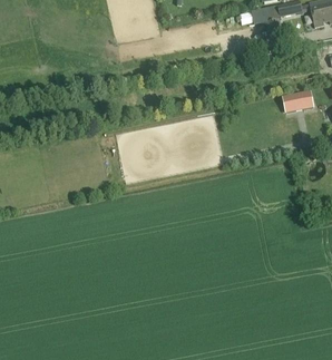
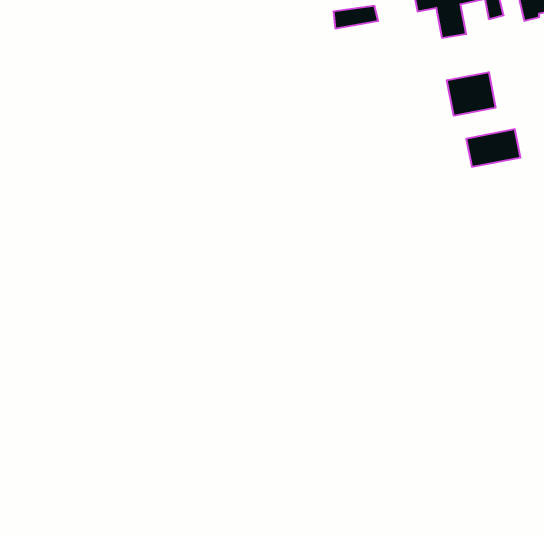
building: none -> [447,72,496,116]

